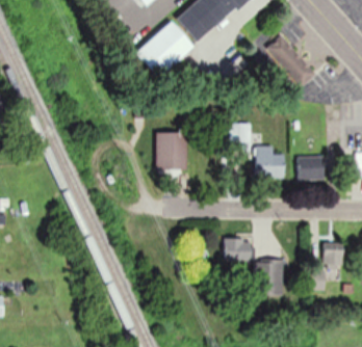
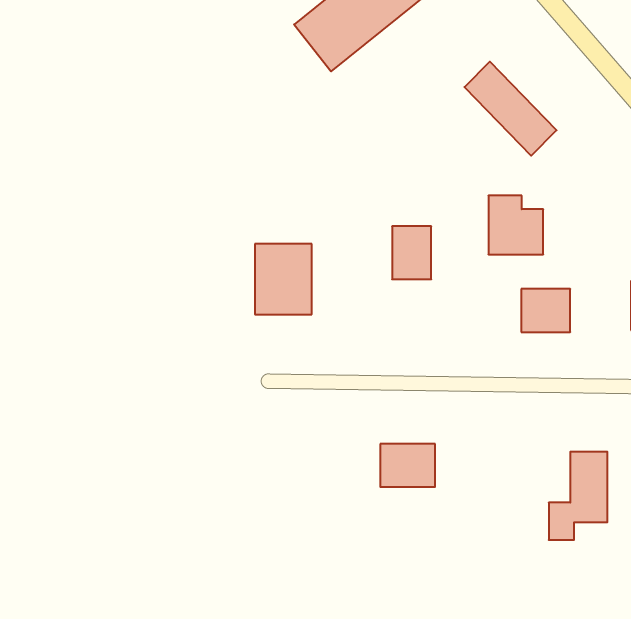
building: [137,20,195,77] -> none
building: [255,146,284,178] -> [488,196,543,254]
building: [254,260,283,295] -> none

